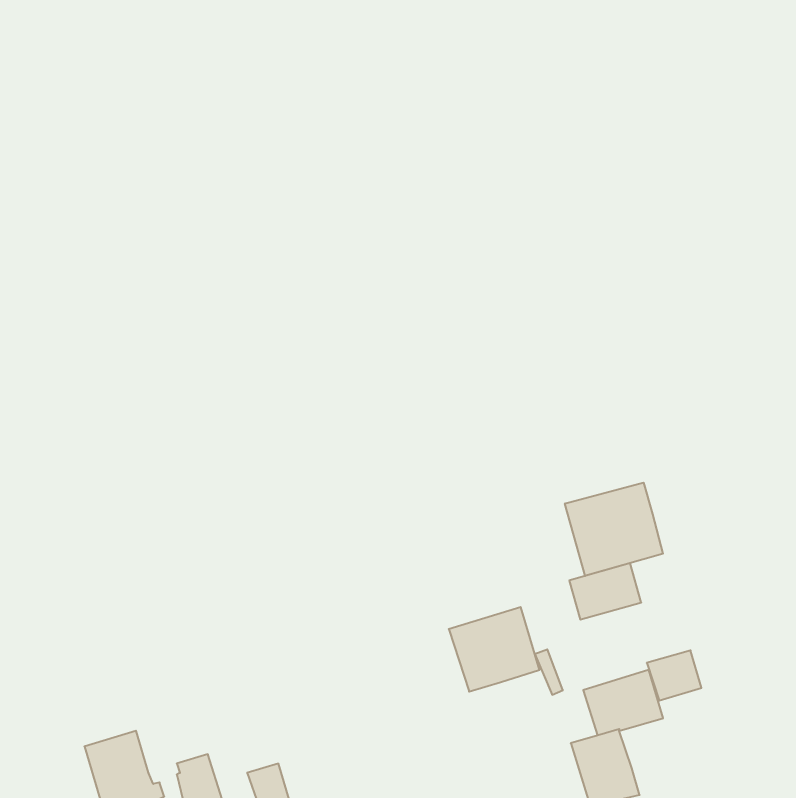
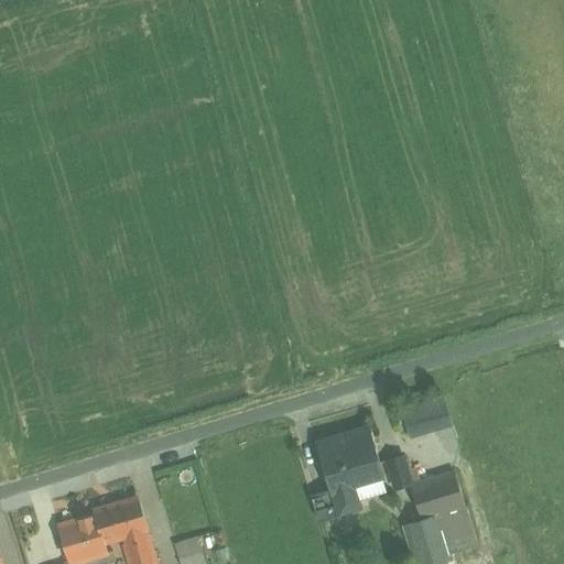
building: [565,483,663,576] -> none
building: [647,650,701,701] -> [436,507,475,542]
building: none -> [310,481,360,521]
building: none -> [95,499,147,545]

